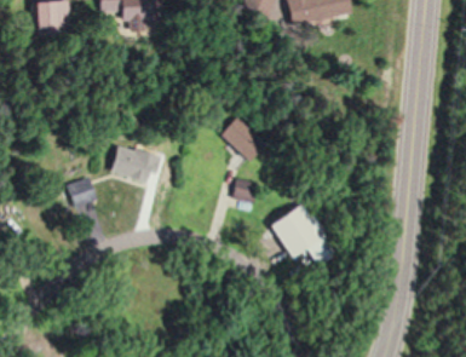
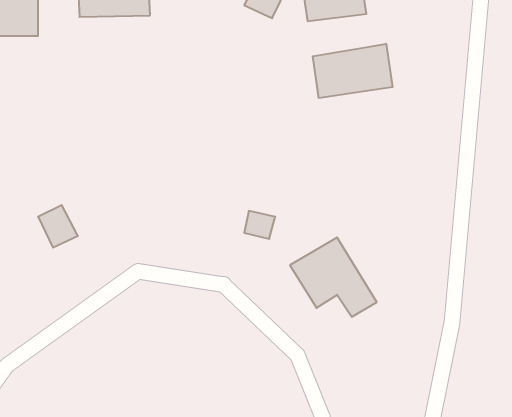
building: none -> [313,44,393,98]
building: [223,116,269,162] -> none
building: [113,148,156,183] -> none

